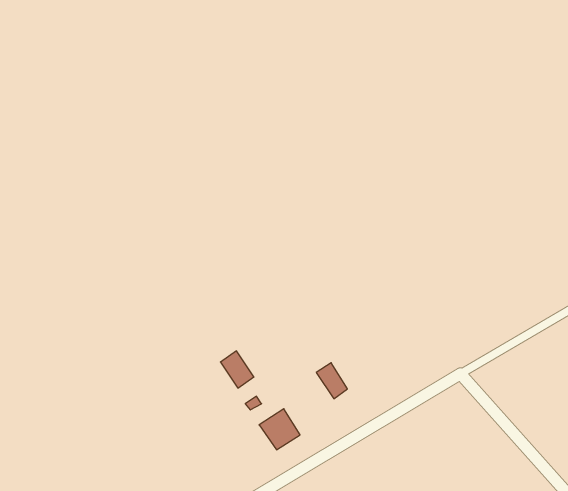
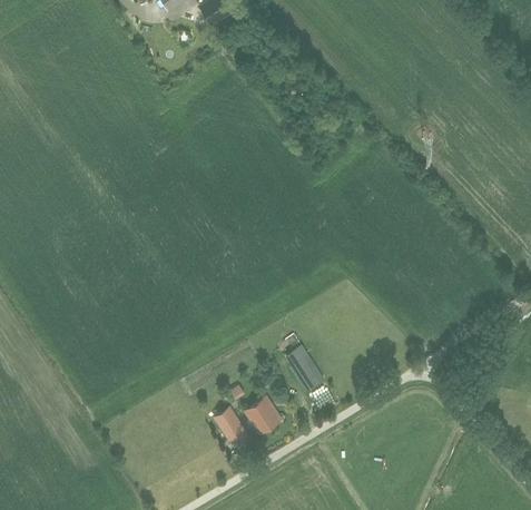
building: [220,351,254,388] -> [214,408,244,441]

